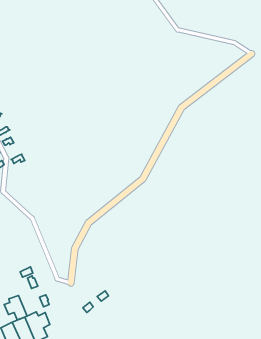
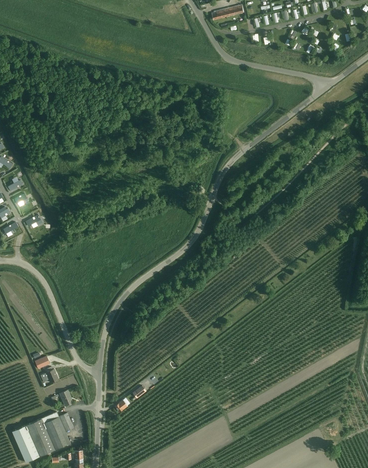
building: [4,296,27,320] -> none

